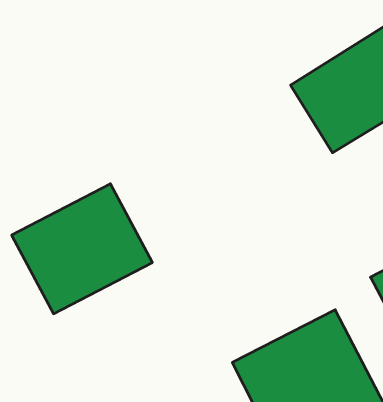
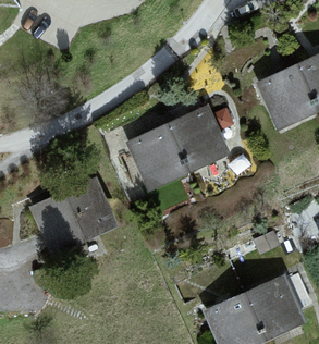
building: none -> [124,94,244,201]

